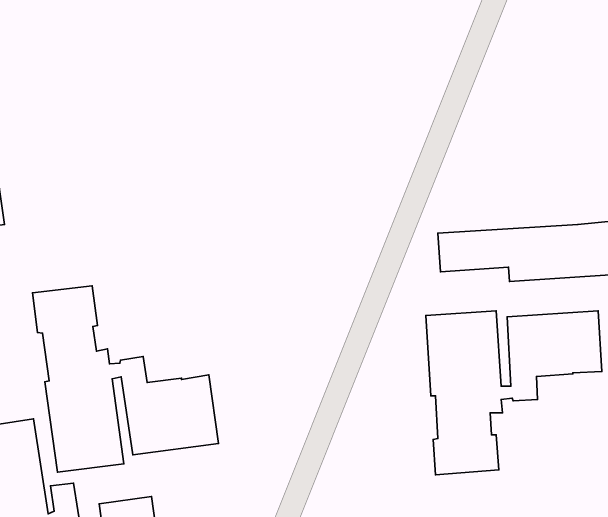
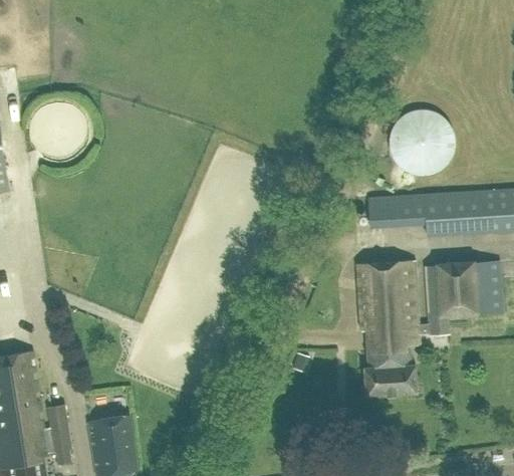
building: none -> [388,109,455,176]
building: [32,286,219,472] -> none

